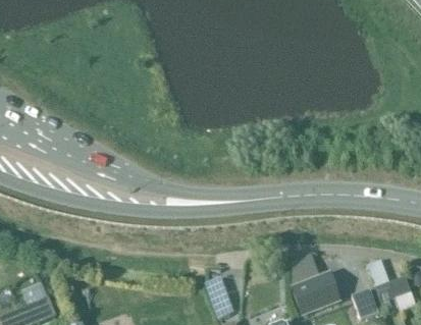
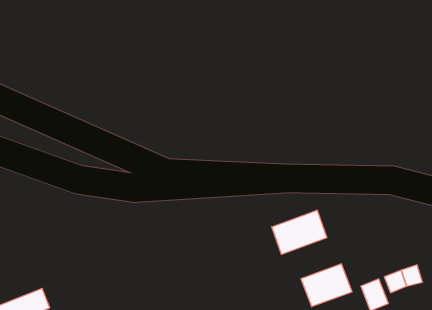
building: none -> [272,210,327,254]

